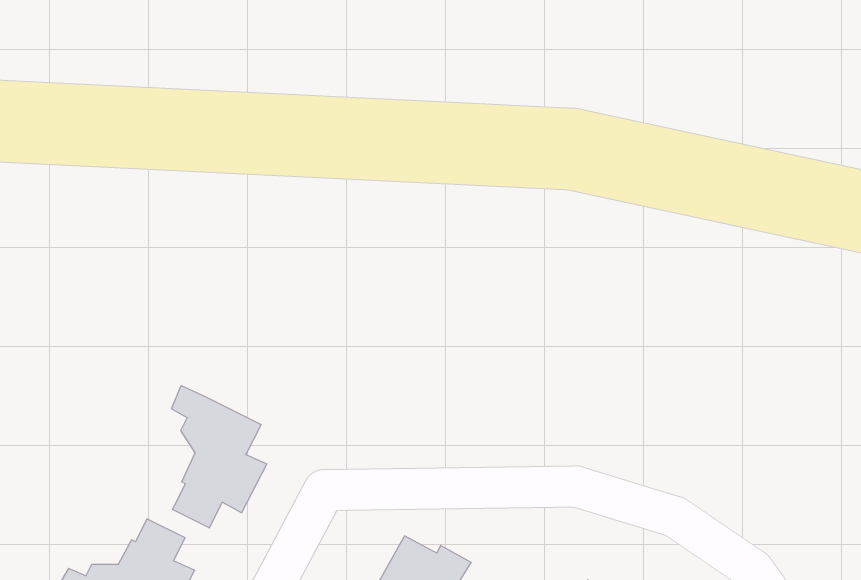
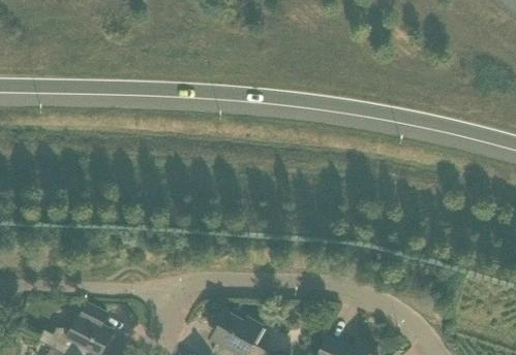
building: [171,386,267,528] -> none

